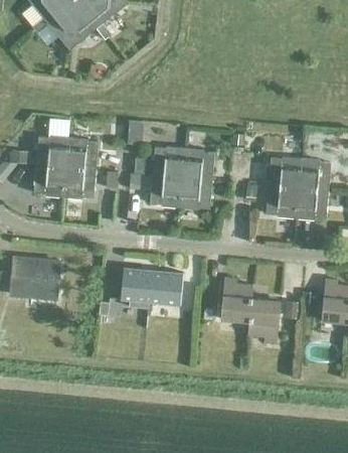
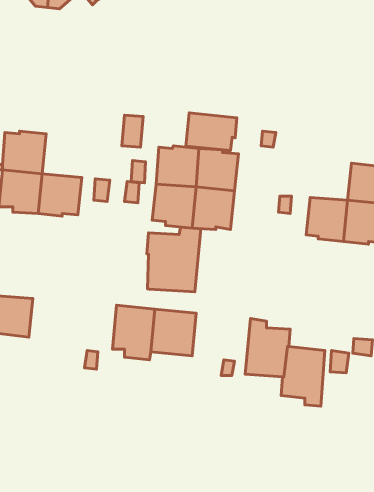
building: none -> [186,113,237,151]
building: [65,137,98,170] -> none
building: [269,157,300,187] -> none
building: none -> [147,227,201,292]

